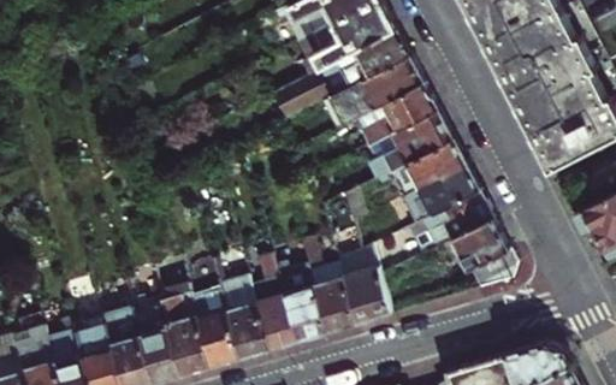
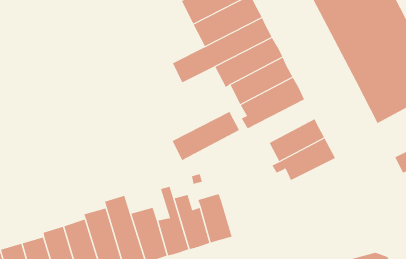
building: [374,140,464,206] -> [172,111,240,161]
building: [449,218,515,288] -> none
building: [340,263,389,322] -> none

